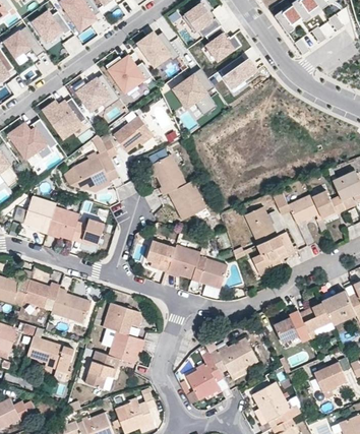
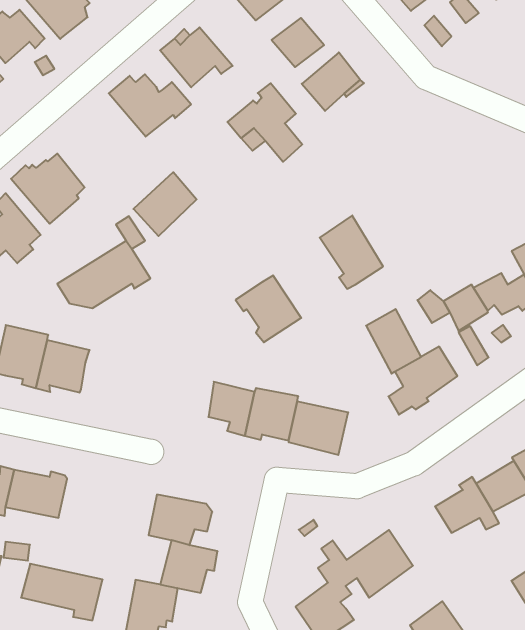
building: [72,74,119,115] -> none
building: [149,152,185,195] -> [320,215,383,289]
building: [72,219,104,245] -> none
building: [51,289,88,322] -> none

